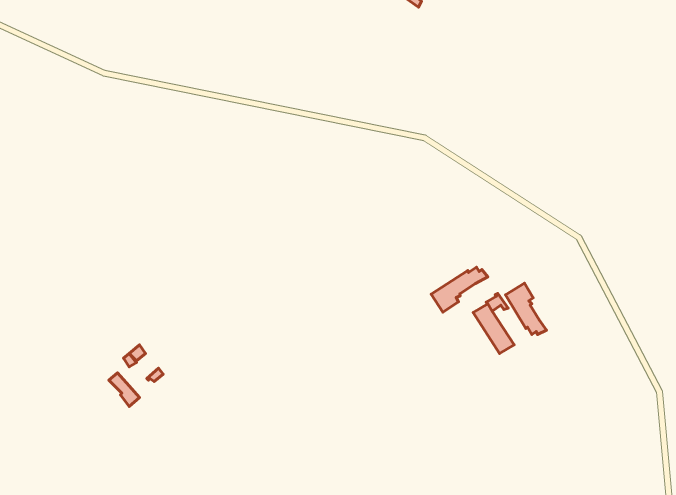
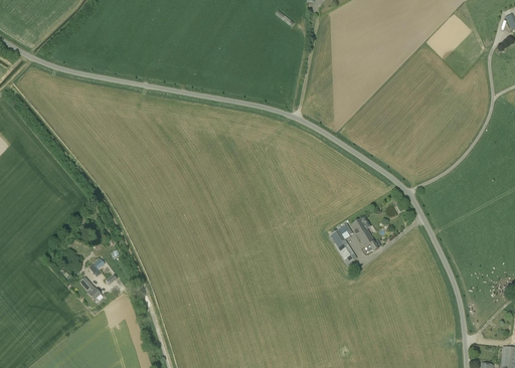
building: [431,267,488,312] -> none

